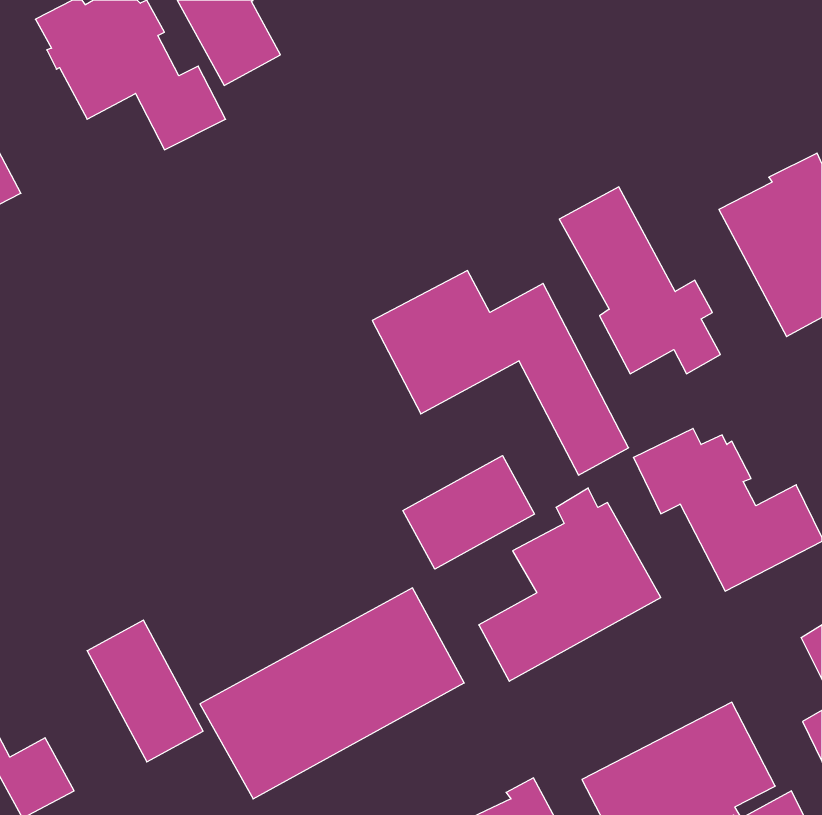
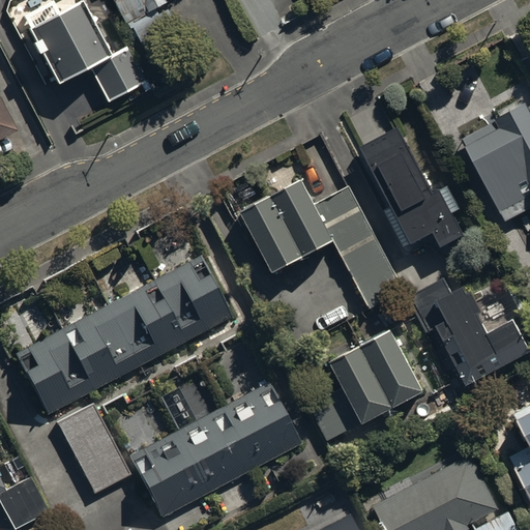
building: none -> [16,260,231,415]
building: [403,456,534,569] -> none

